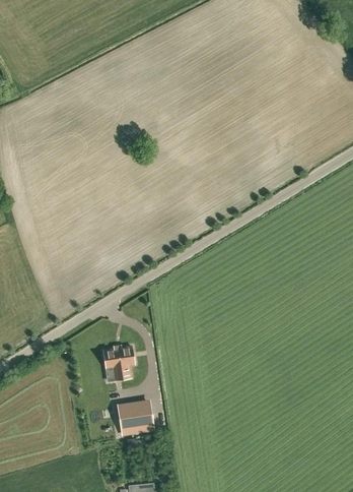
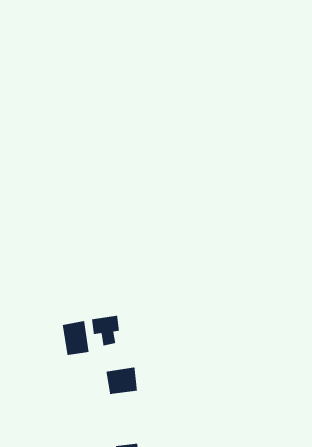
building: none -> [62,320,89,356]

